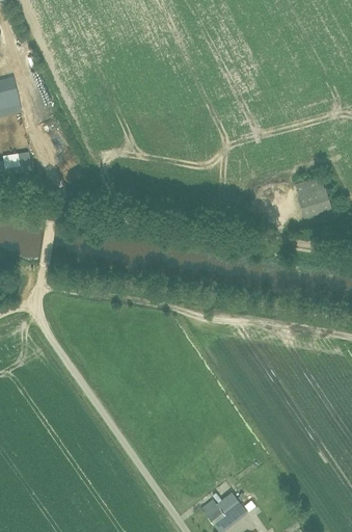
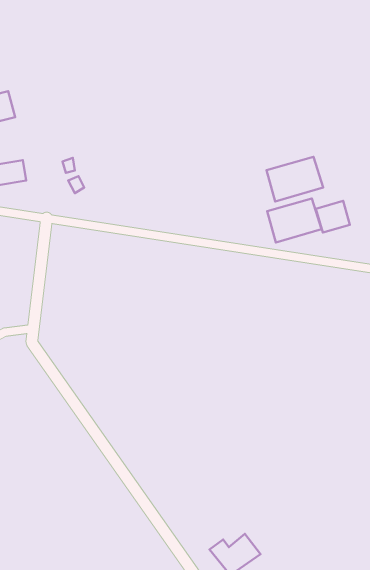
building: none -> [266,157,323,202]
building: none -> [267,198,322,243]

